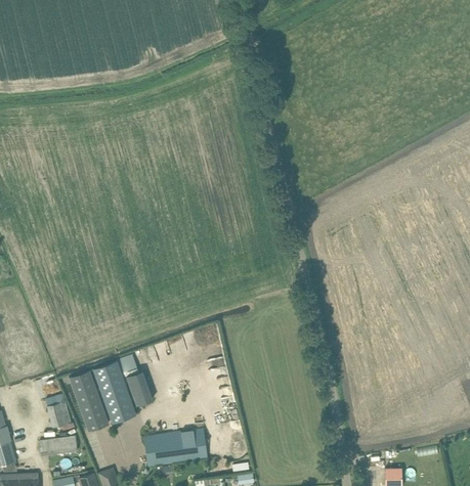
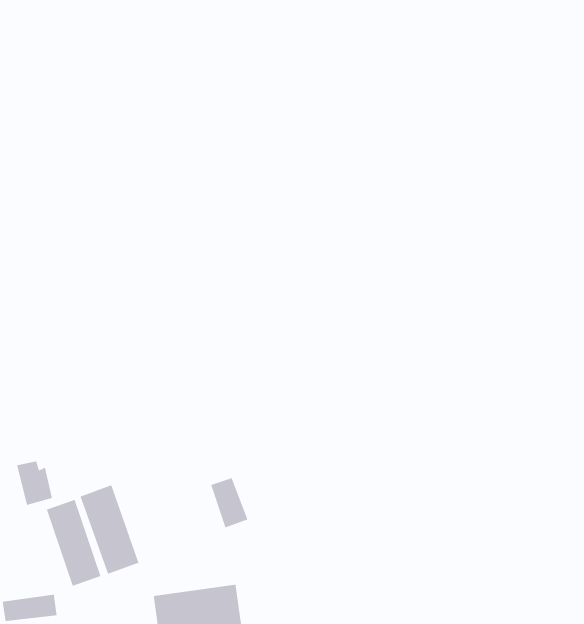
building: [126,369,153,405] -> [210,477,248,529]
building: [45,396,71,428] -> [16,461,53,506]

